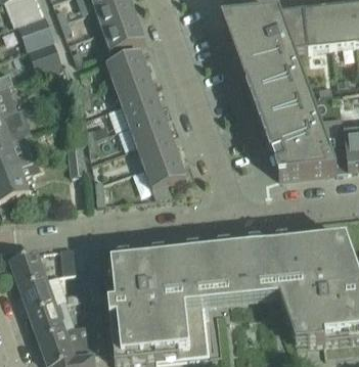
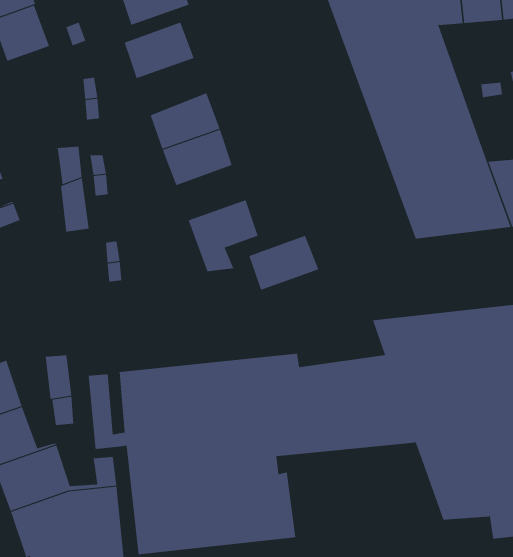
building: [113,67,154,101] -> none
building: [136,131,178,164] -> [249,235,319,290]

